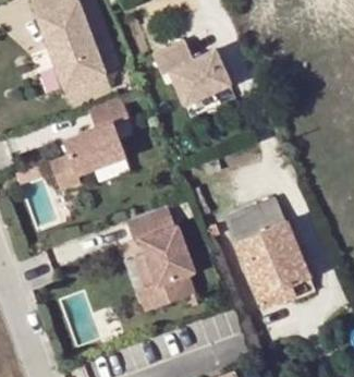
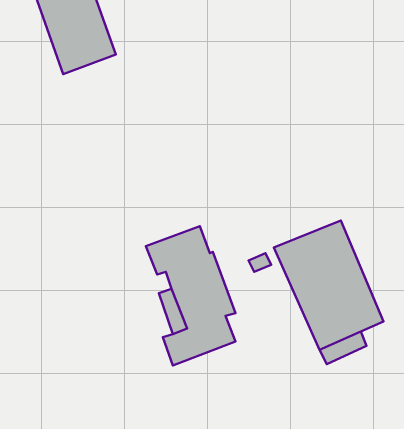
building: [154,39,232,104] -> none
building: [50,96,135,187] -> none

